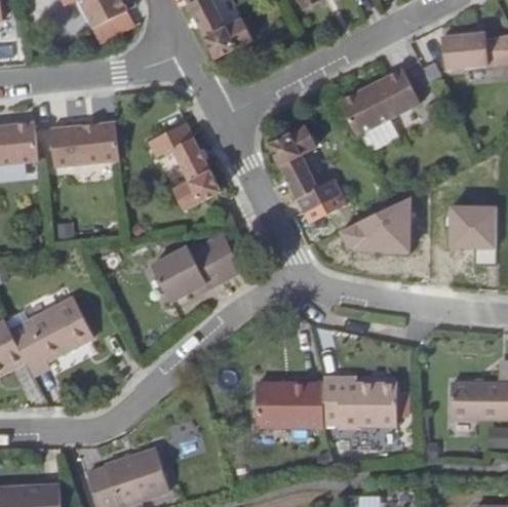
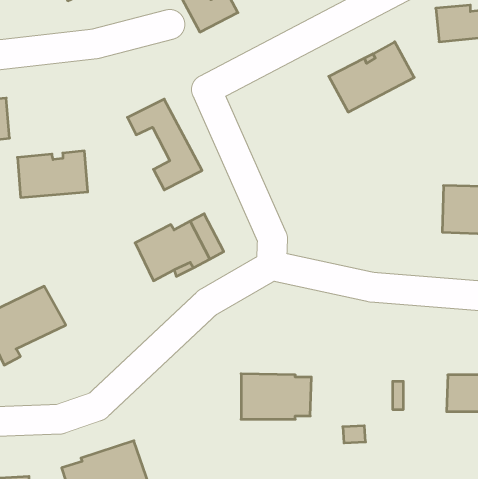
building: [52,122,119,166] -> [17,151,88,197]
building: [268,125,341,213] -> none
building: [341,196,414,255] -> none
building: [322,377,396,425] -> none

